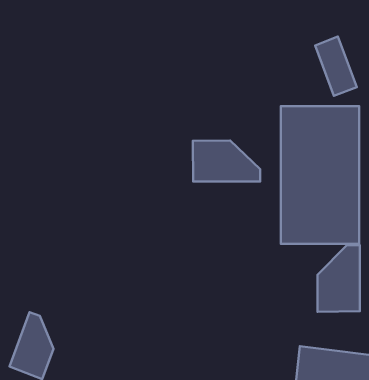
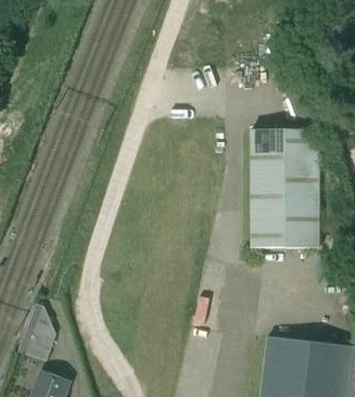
building: [193,141,260,182] -> none
building: [318,245,360,312] -> none

